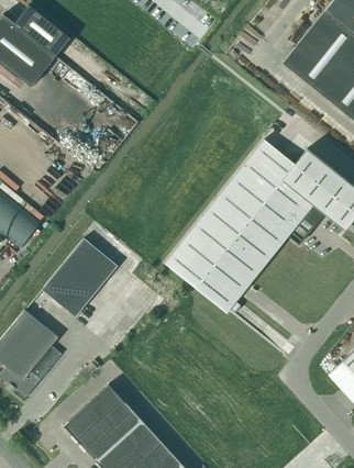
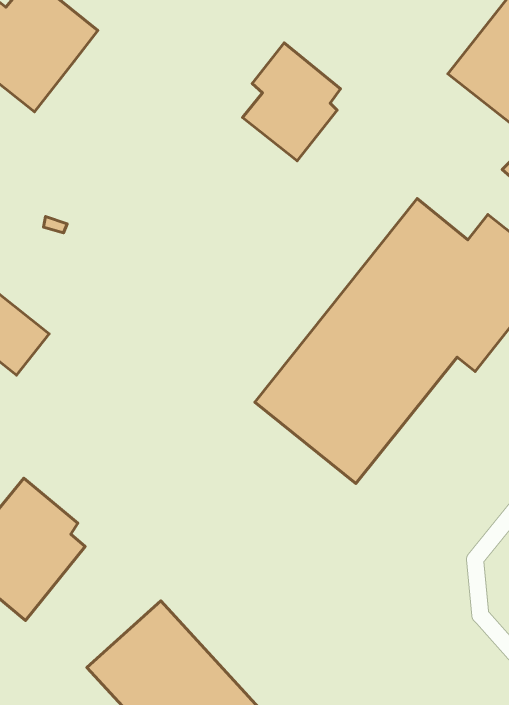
building: none -> [242,43,341,161]
building: [42,237,118,315] -> none

